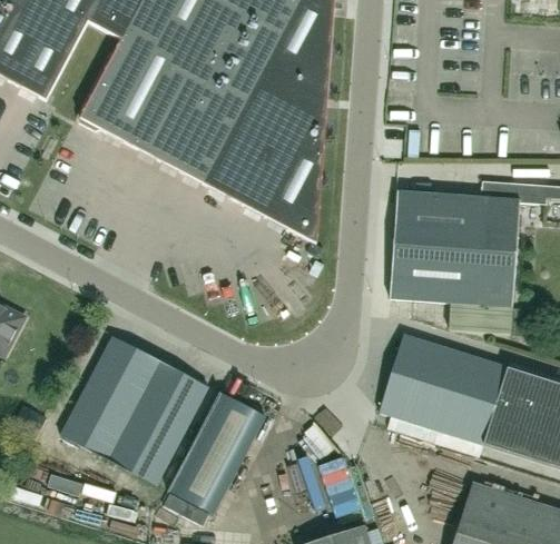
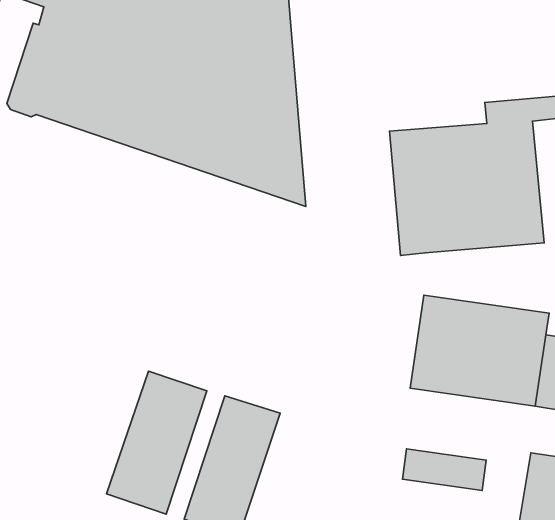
building: [60,336,159,458] -> none
building: none -> [403,449,486,490]

